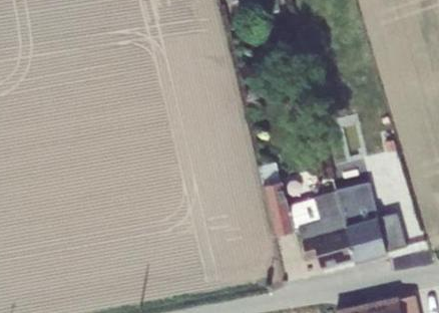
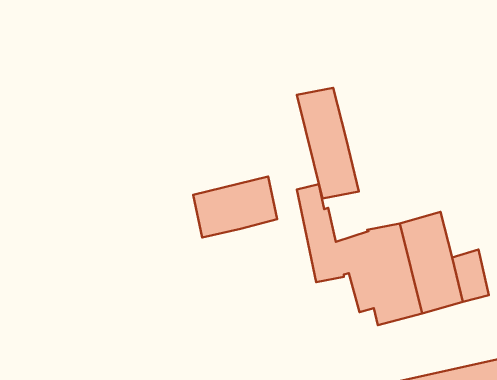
building: none -> [297,88,359,199]
building: none -> [193,176,277,238]

